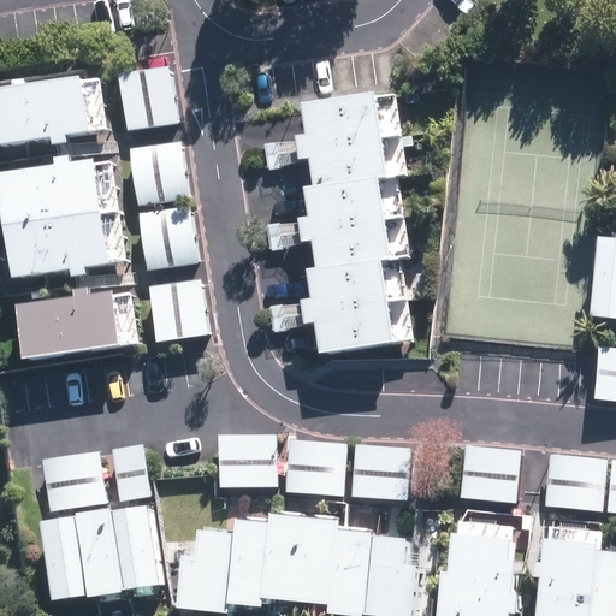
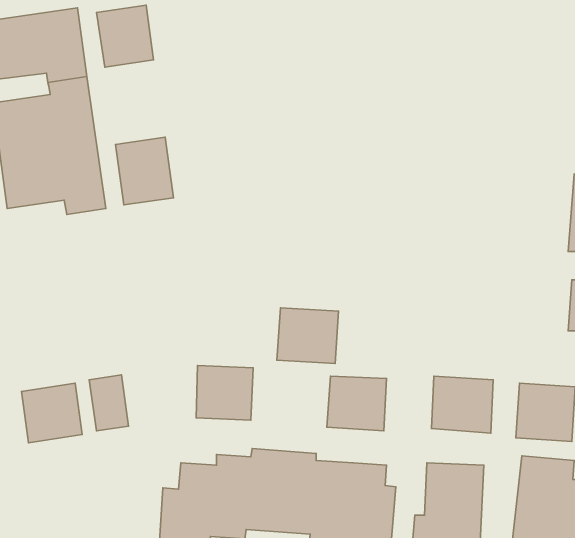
building: [310,97,408,355] -> none
building: [126,143,185,209] -> none
building: [29,274,135,355] -> none
building: [146,278,205,345] -> none
building: [280,438,343,494] -> [277,308,339,364]
building: [42,508,161,603] -> none

